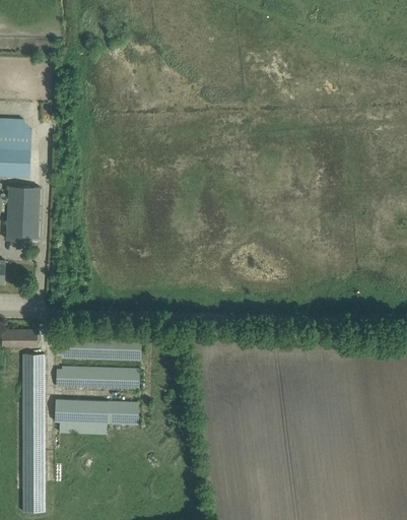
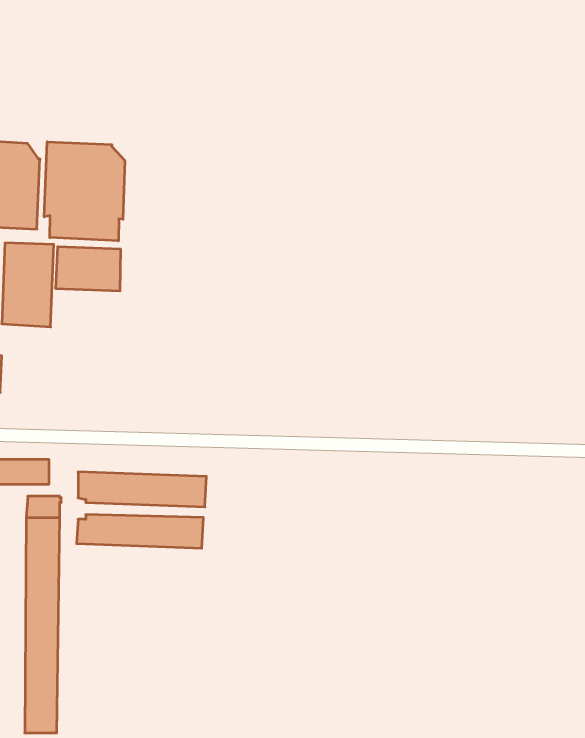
building: none -> [44,142,125,241]
building: none -> [56,247,120,291]
building: [55,399,139,435] -> none

